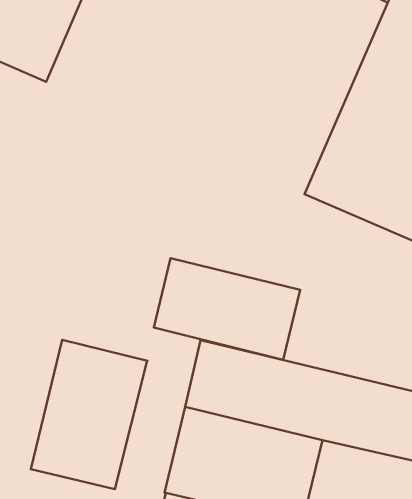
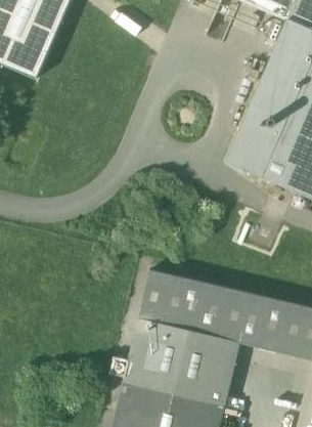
building: [154,258,300,360] -> none
building: [31,340,147,489] -> none

